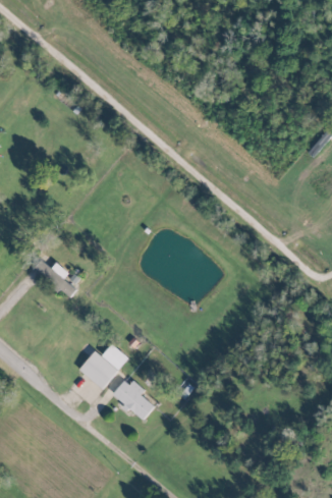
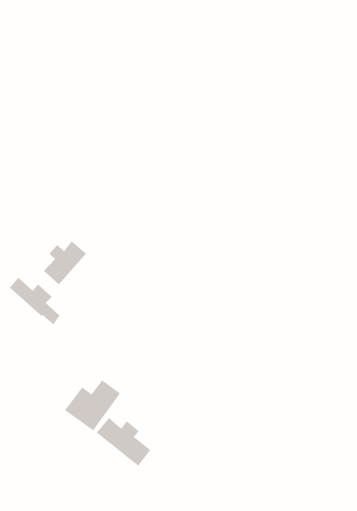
building: none -> [43,241,87,285]

